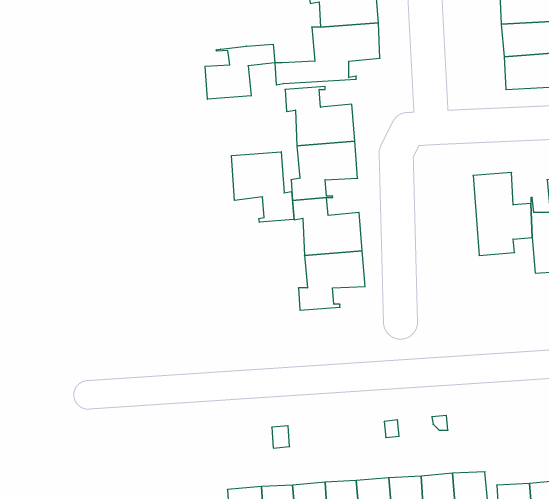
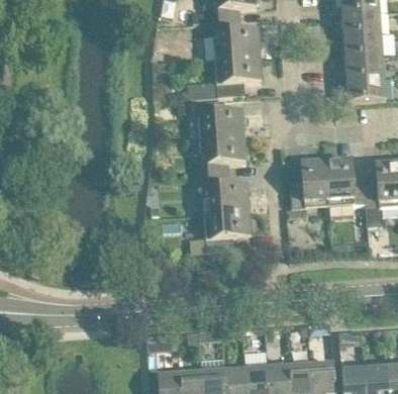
building: [205,44,275,99] -> none
building: [231,152,294,222] -> none
building: none -> [290,158,328,206]

